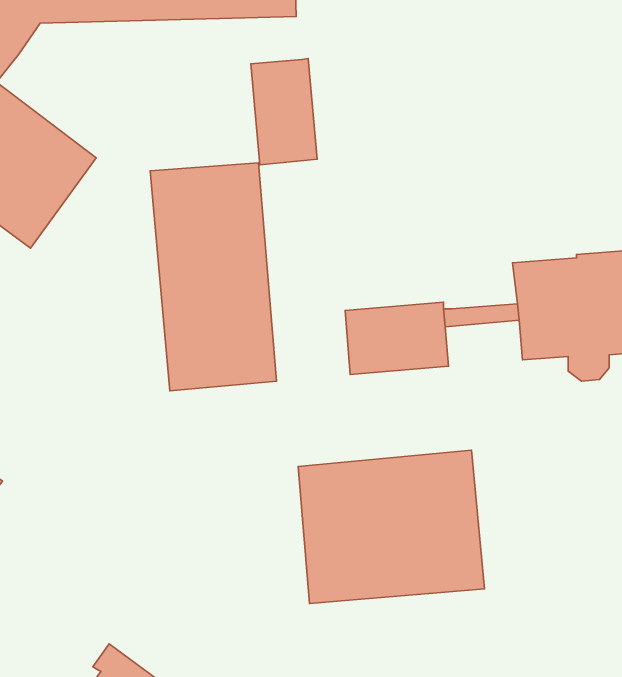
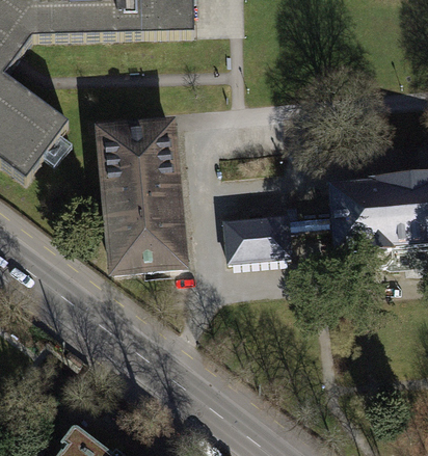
building: [251,58,317,165] -> none
building: [298,450,484,604] -> none

